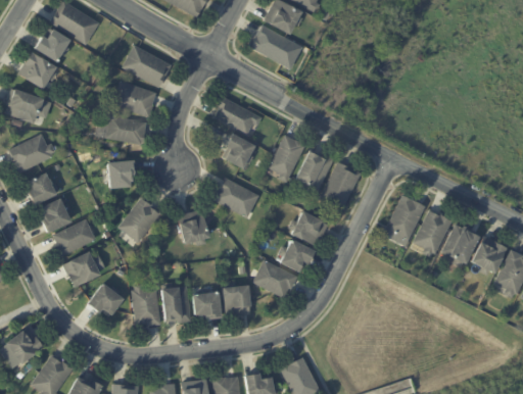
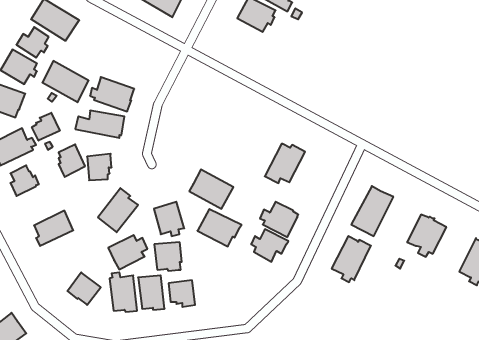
building: [249,24,296,65] -> none
building: [124,44,172,87] -> [42,61,89,102]
building: [215,95,263,135] -> none
building: none -> [32,113,60,141]
building: [222,133,254,167] -> none
building: [270,134,307,183] -> none
building: [320,160,363,210] -> none
building: [42,199,69,233] -> [59,144,85,177]
building: [414,208,455,256] -> [332,236,371,282]
building: [472,236,509,275] -> none
building: [63,251,104,287] -> [108,235,147,269]
building: [253,259,299,298] -> [197,209,242,246]
building: [223,285,251,314] -> [154,242,182,271]

